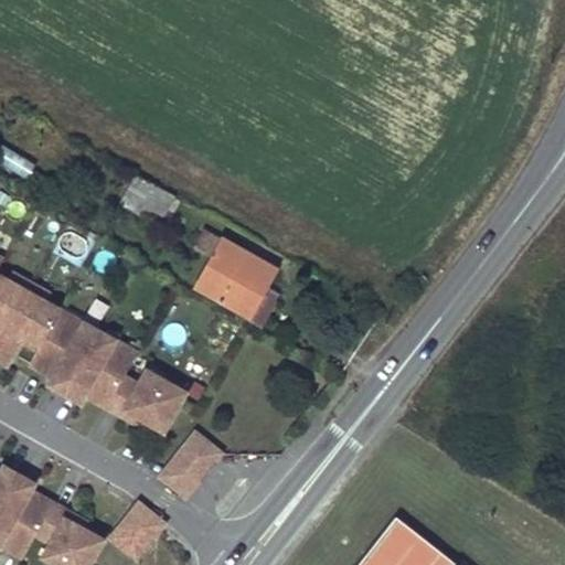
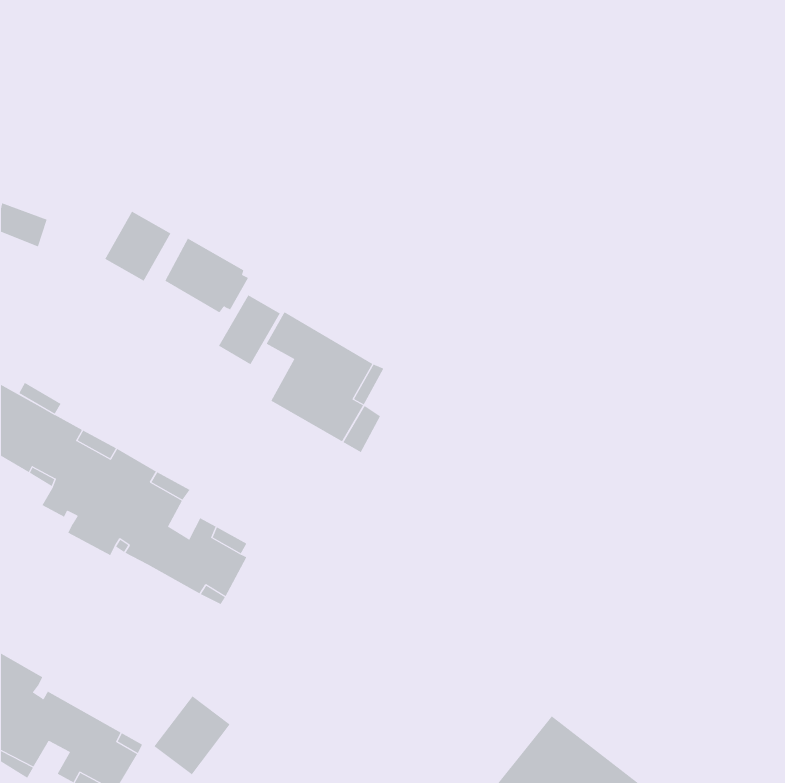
building: none -> [105,211,171,281]
building: none -> [218,295,281,365]
building: [159,429,224,497] -> none

